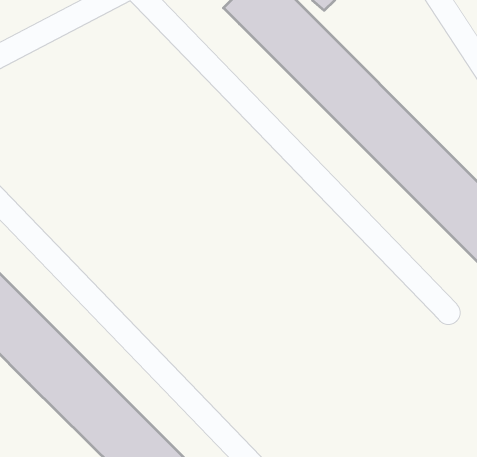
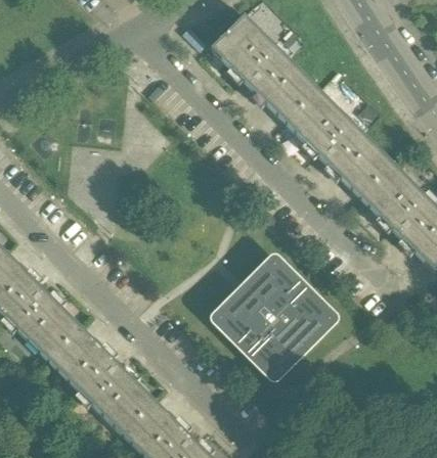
building: none -> [213,257,330,373]

